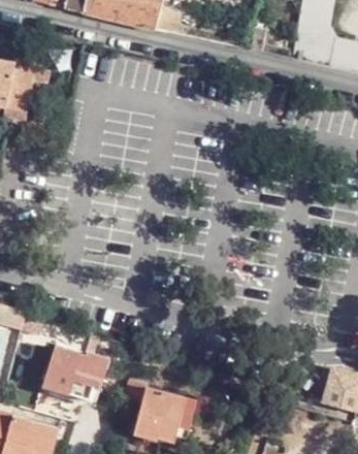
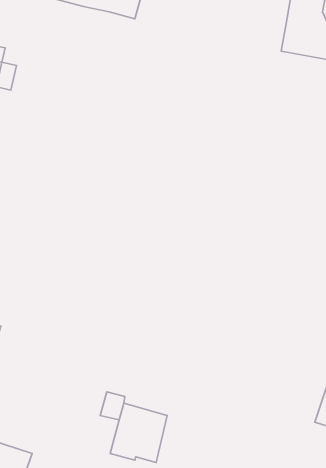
building: [42,348,108,401] -> none

